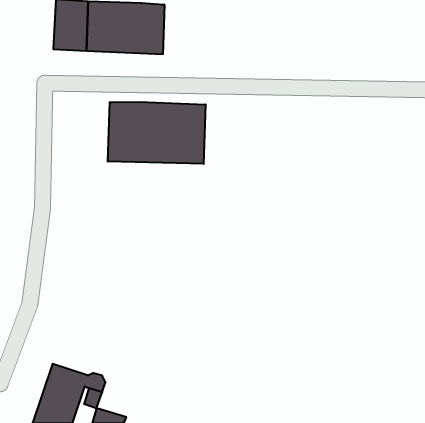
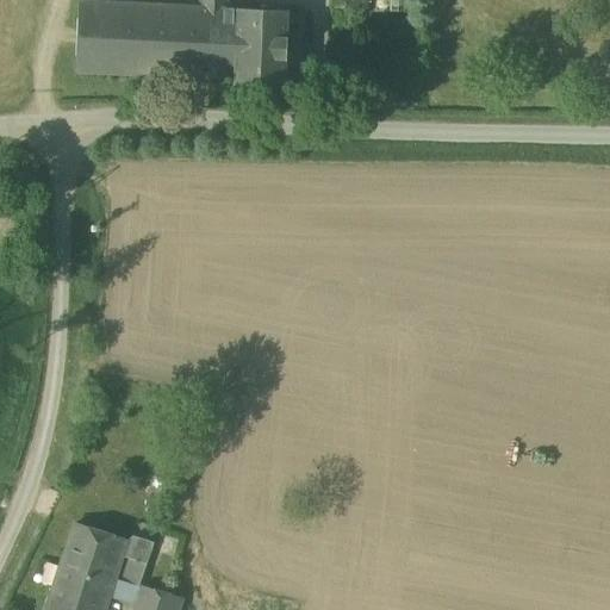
building: none -> [234,7,291,85]
building: [108,102,206,164] -> none

